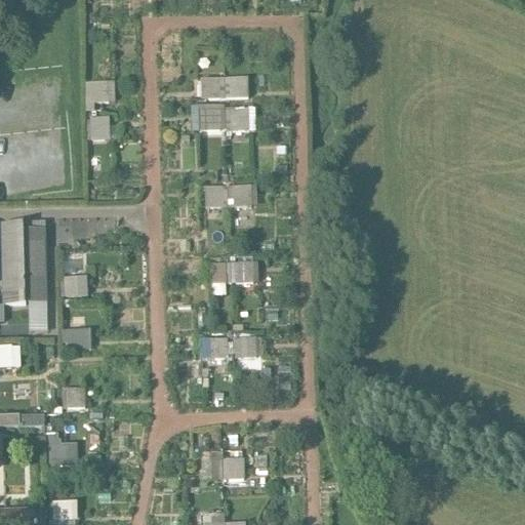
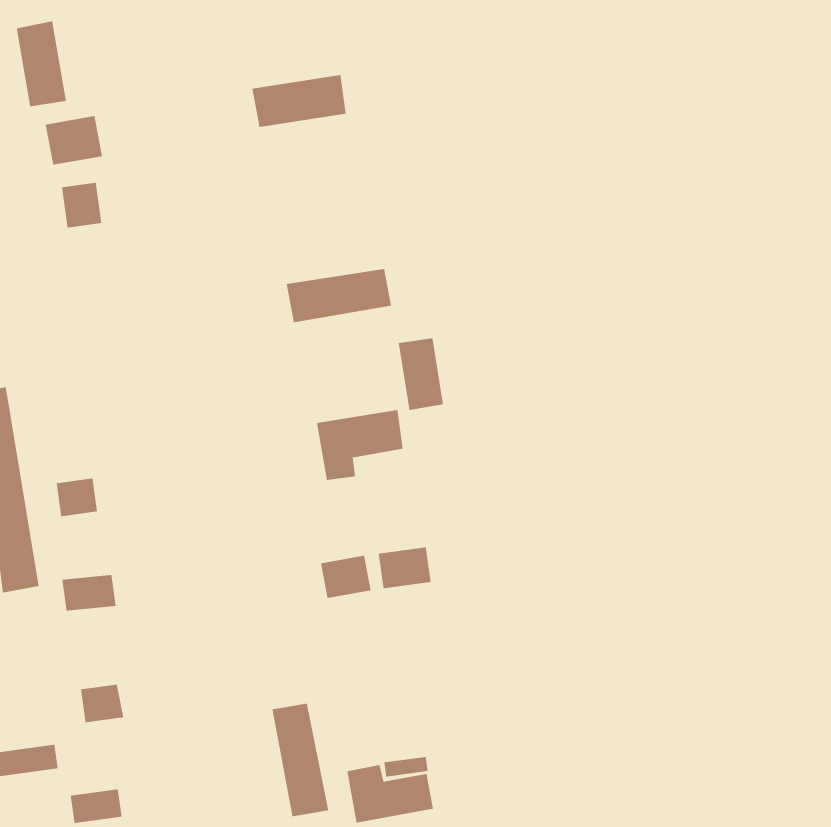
building: none -> [16,21,67,107]
building: [198,104,249,130] -> none
building: none -> [398,338,444,411]
building: none -> [272,703,329,817]

